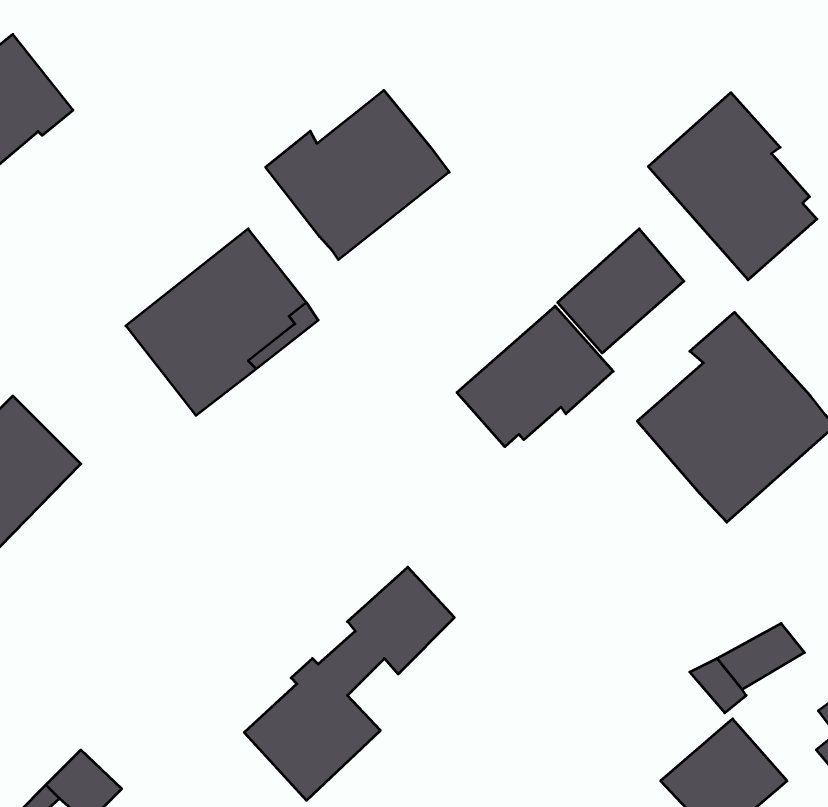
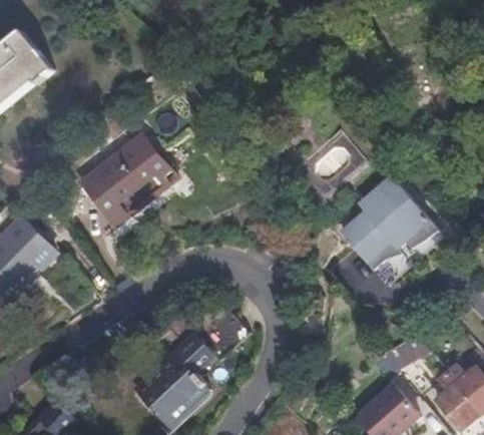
building: [266,90,449,260] -> none
building: [648,93,817,280] -> none
building: [457,306,613,447] -> none

